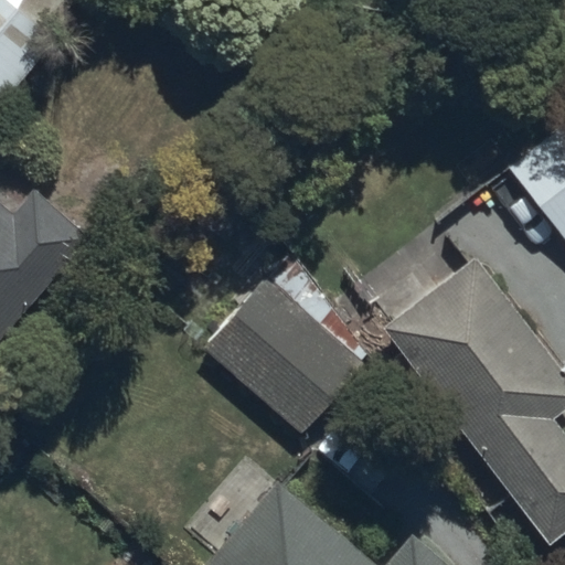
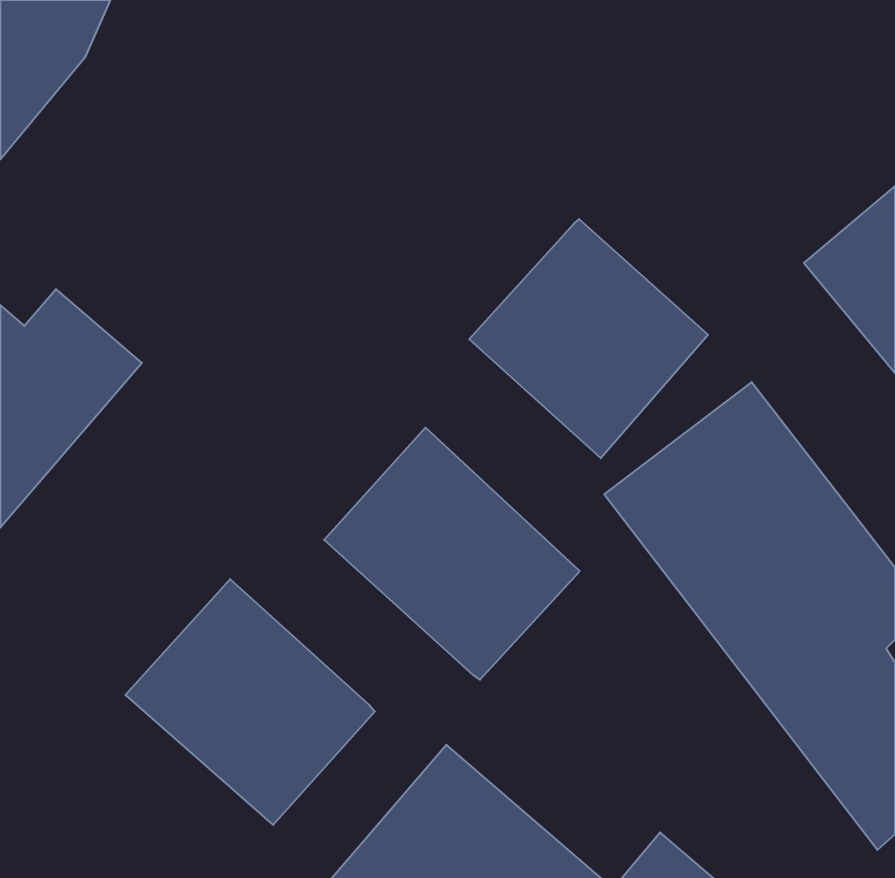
building: none -> [469,219,708,458]
building: none -> [125,579,375,825]

